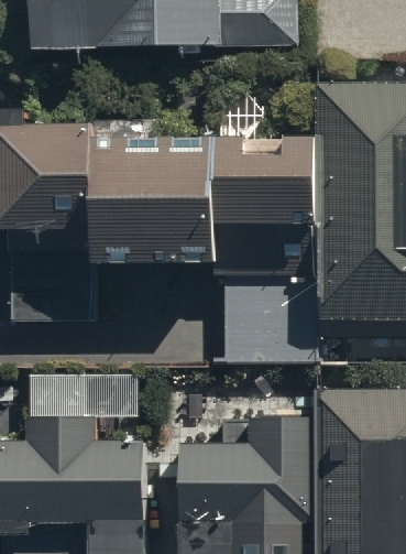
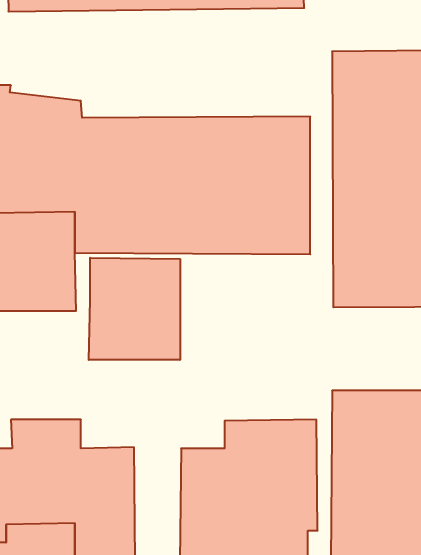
building: none -> [89,258,180,360]

